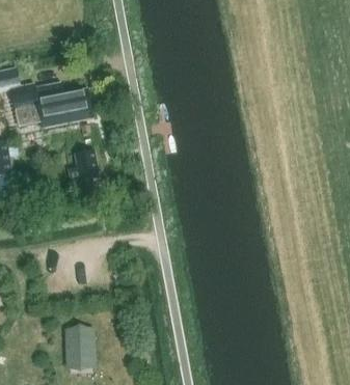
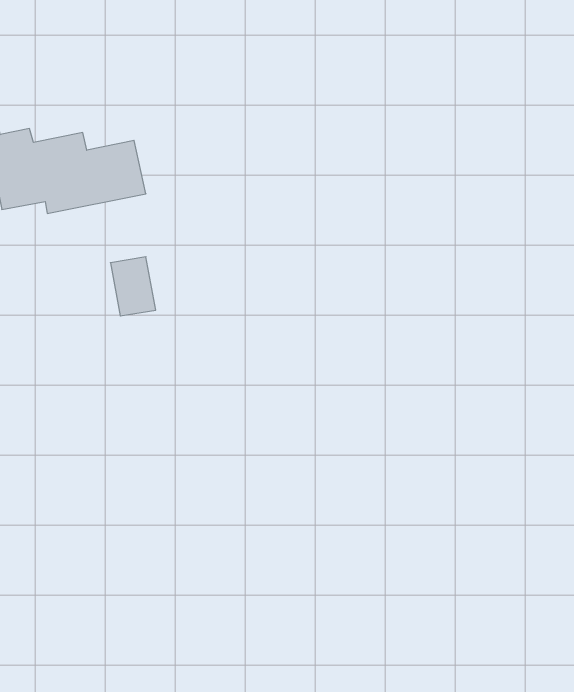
building: [63,319,93,368] -> none

